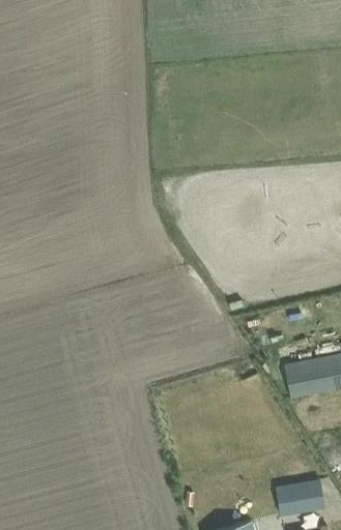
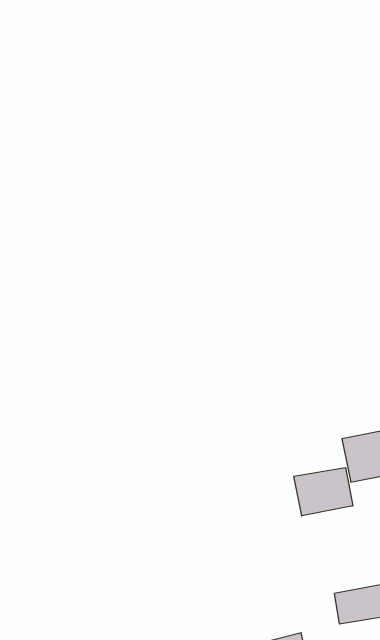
building: none -> [294,468,353,516]

